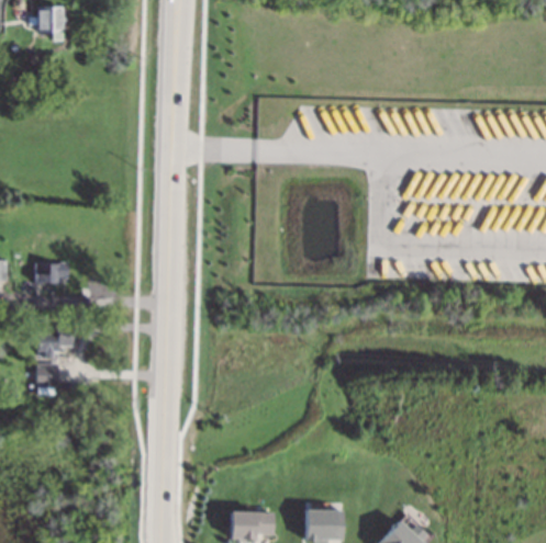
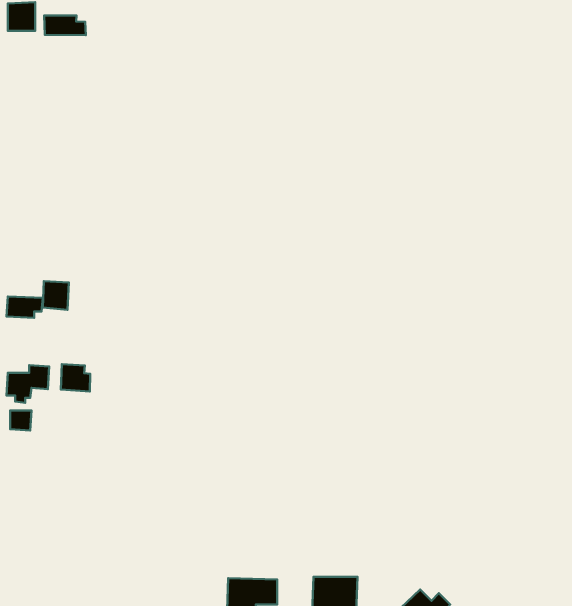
building: none -> [44,15,86,35]
building: none -> [43,281,69,310]
building: none -> [61,364,90,391]

